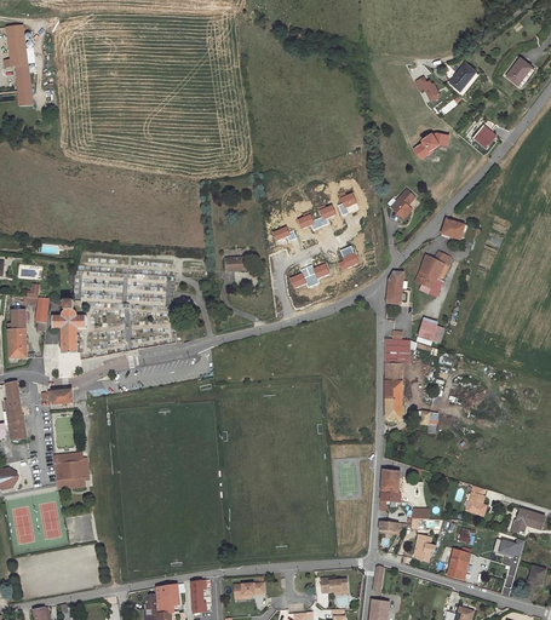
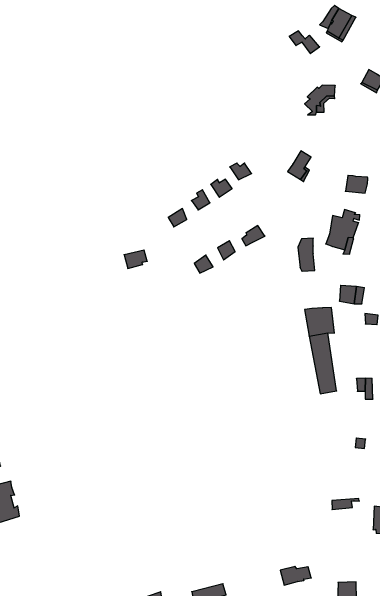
building: [380,469,400,501] -> none

